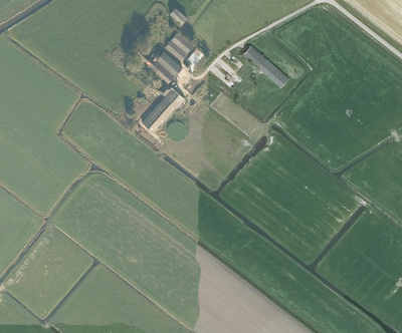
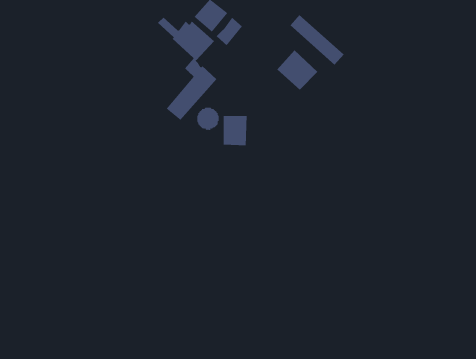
building: none -> [276,49,318,90]
building: none -> [223,115,247,146]

